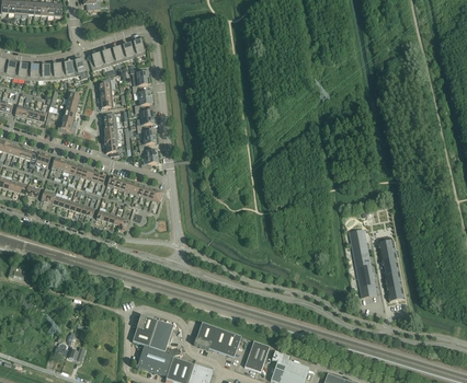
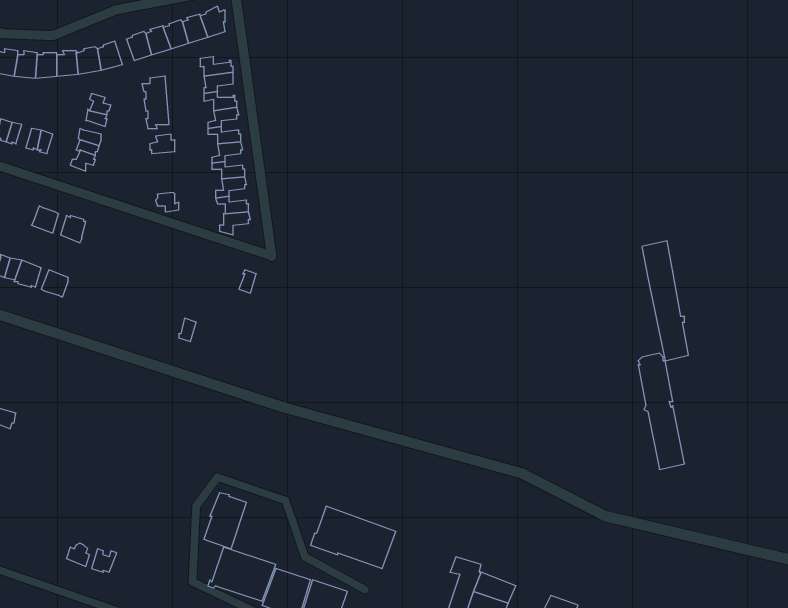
building: [350,229,376,297] -> [642,241,688,361]
building: [149,320,180,355] -> none
building: [244,340,270,371] -> none

